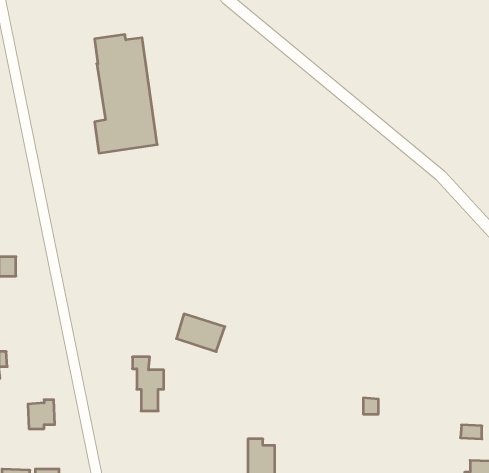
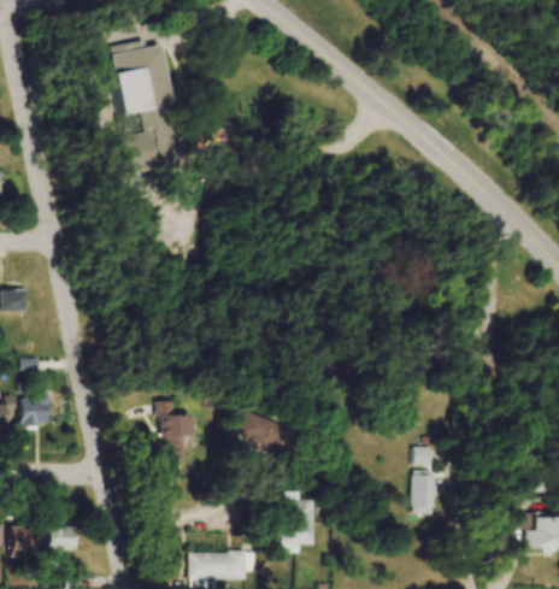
building: [176,314,225,352] -> [237,413,292,455]
building: [28,400,55,429] -> [20,395,51,428]
building: none -> [412,470,435,514]

